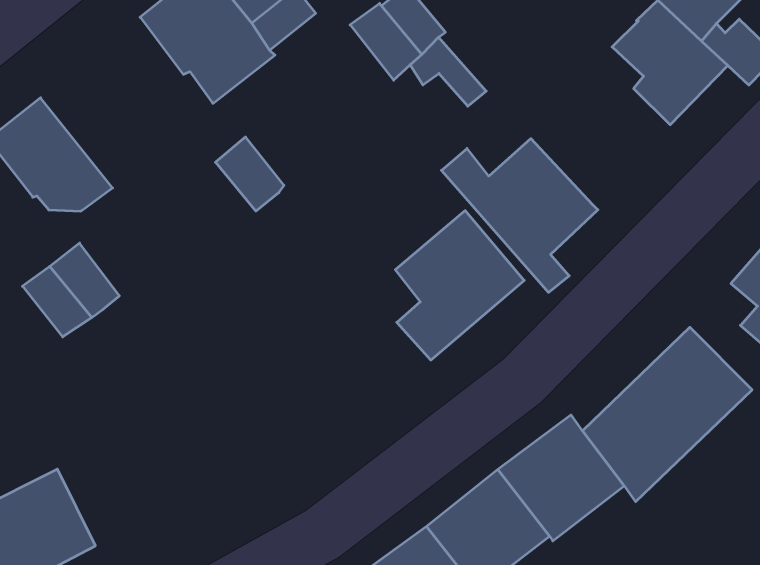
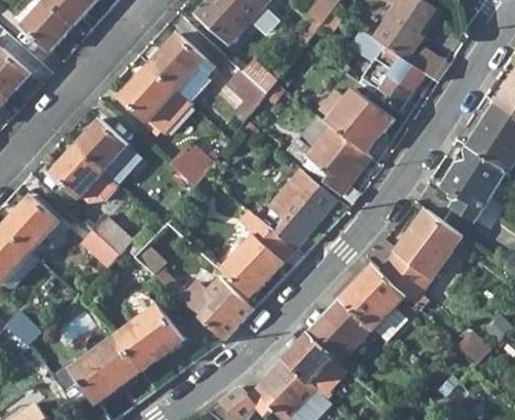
building: none -> [75,120,143,186]
building: none -> [326,88,392,155]
building: none -> [220,208,296,299]
building: none -> [132,223,252,339]
building: none -> [114,303,182,370]

